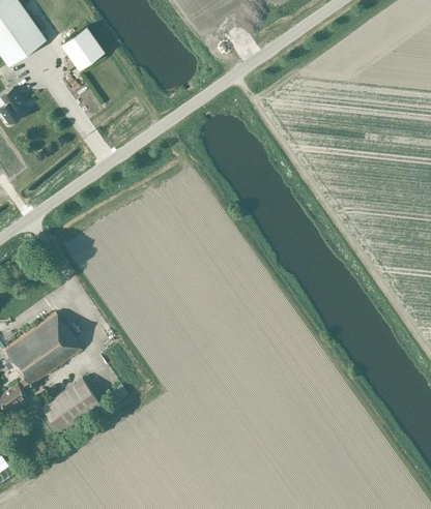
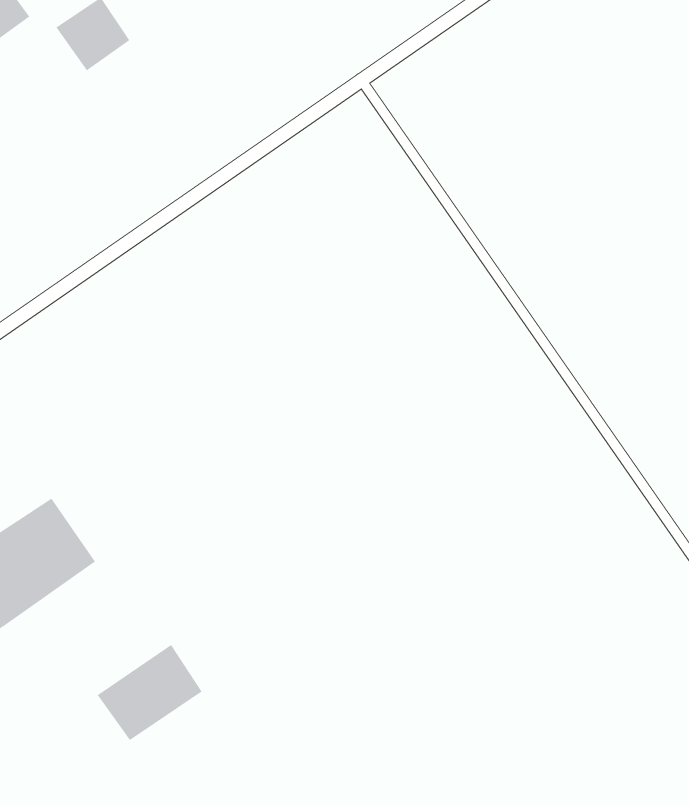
building: [40,379,100,433] -> [97,644,202,741]

